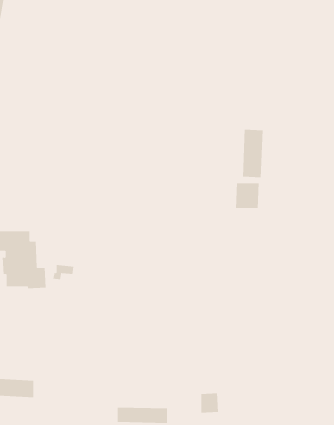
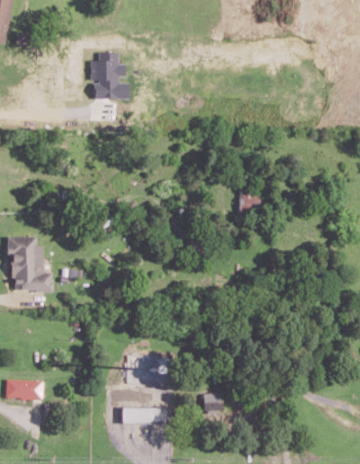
building: none -> [90,53,129,99]
building: [242,129,263,178] -> none

